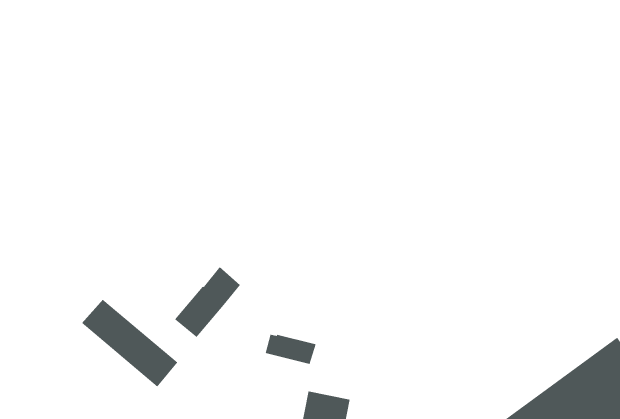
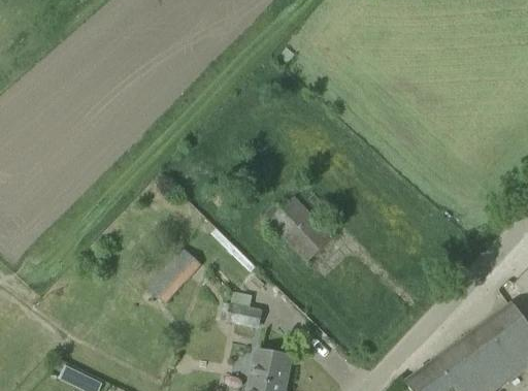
building: none -> [264,196,332,259]
building: [81,299,178,388] -> none

